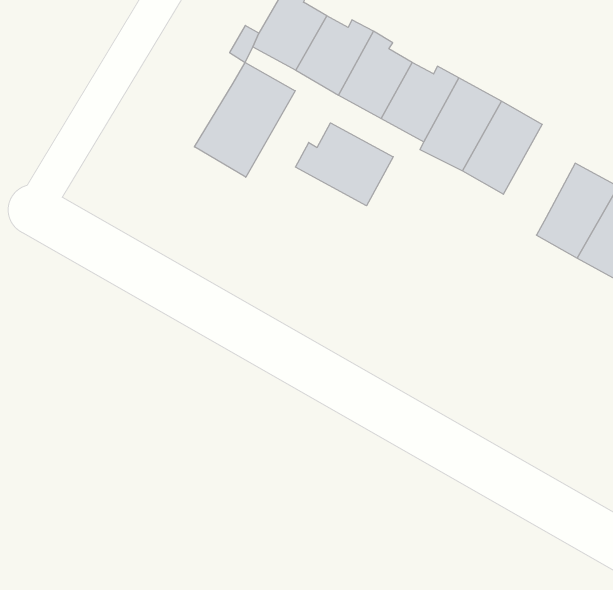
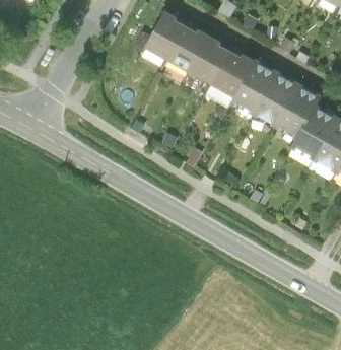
building: [194,62,295,177] -> none
building: [295,123,393,206] -> none
building: none -> [278,86,321,135]

